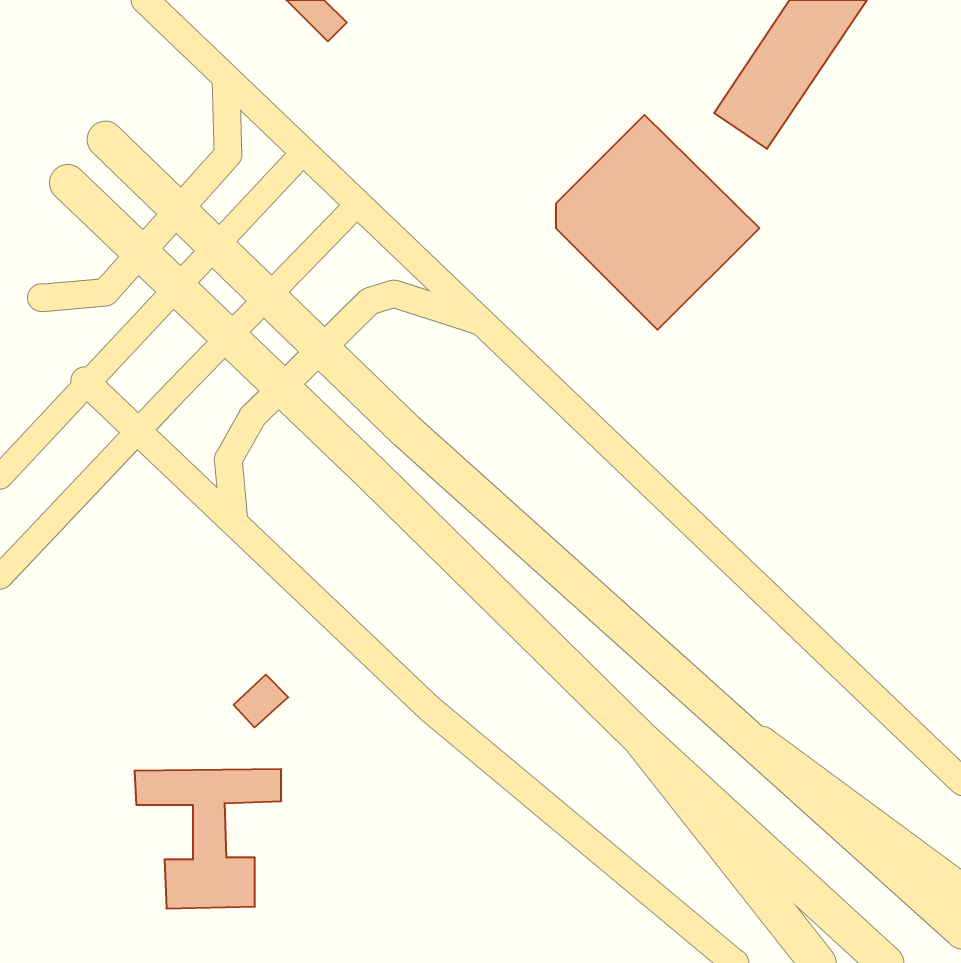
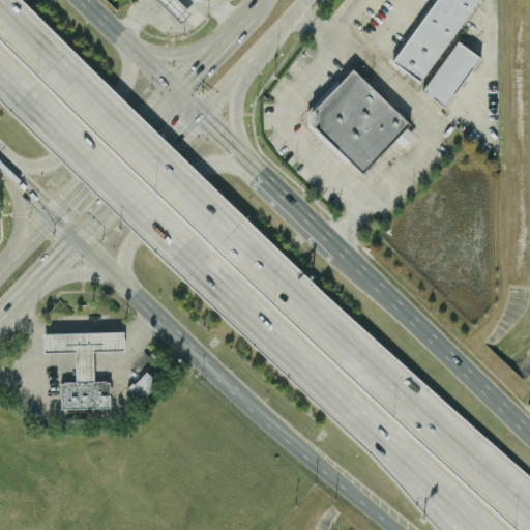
building: none -> [423,39,481,107]
building: [134,769,281,909] -> [45,331,125,408]

